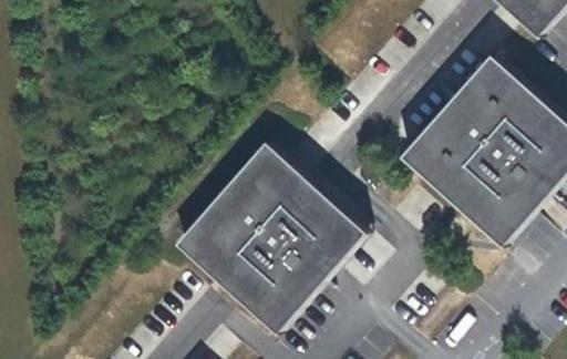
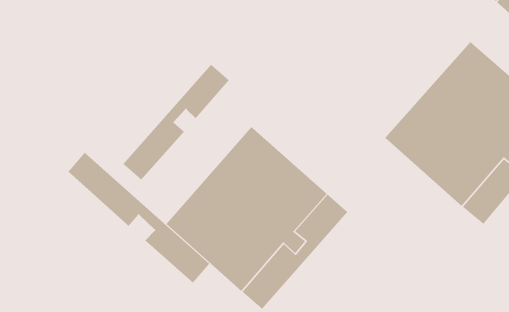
building: none -> [122,64,230,180]
building: none -> [67,152,210,283]

